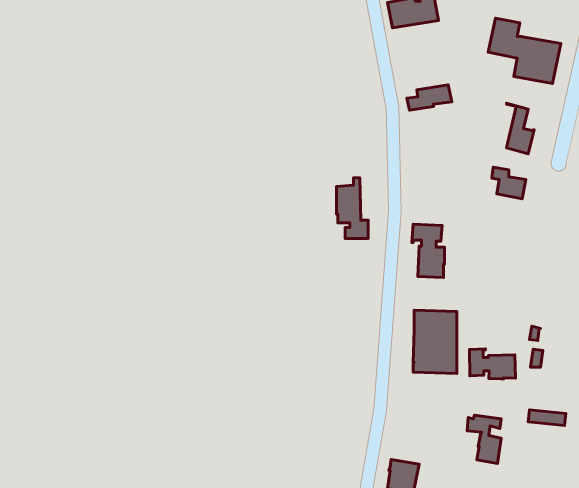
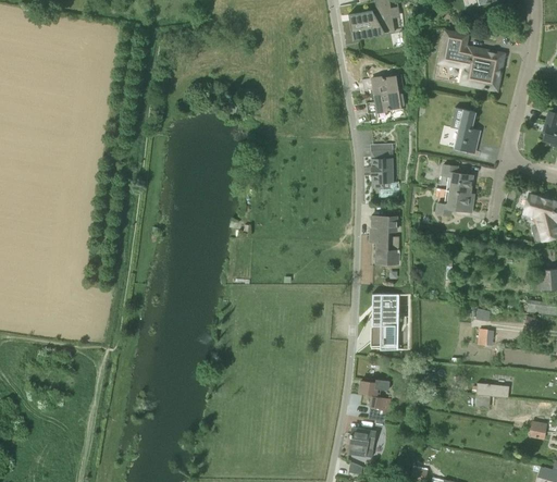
building: none -> [362,75,403,95]
building: [337,178,368,238] -> [371,143,399,197]
building: none -> [436,188,472,214]
building: [469,349,515,379] -> none
building: [467,415,501,464] -> [359,378,389,421]

